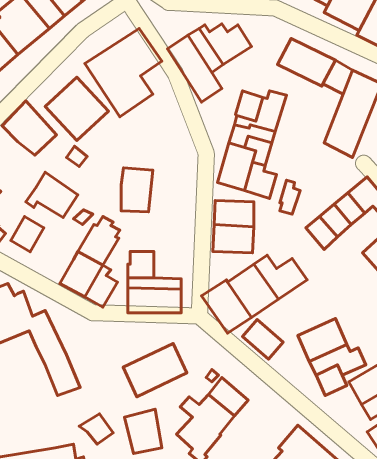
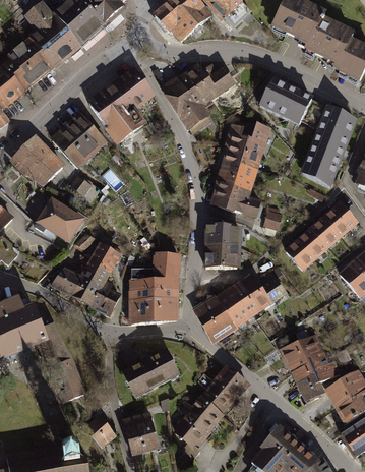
building: [121,168,153,212] -> [150,253,179,293]
building: [11,217,44,252] -> [49,265,78,297]
building: [242,319,283,359] -> [211,366,248,402]

